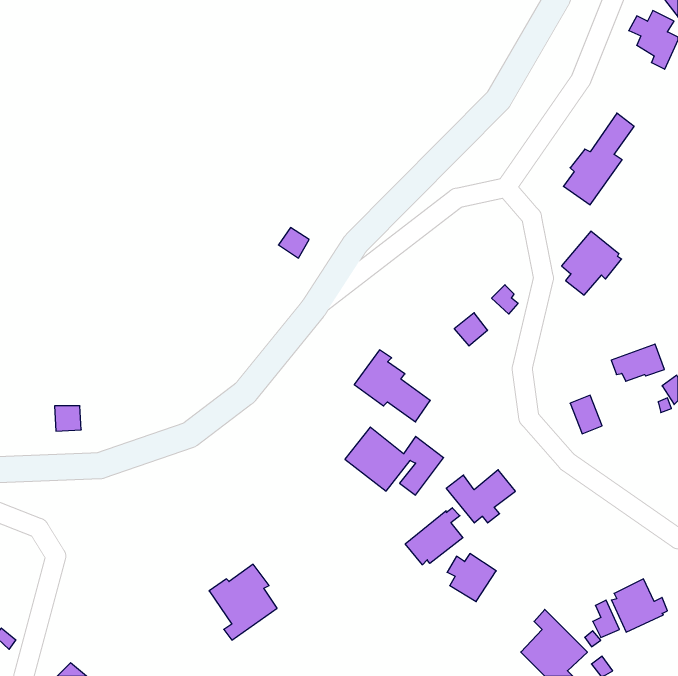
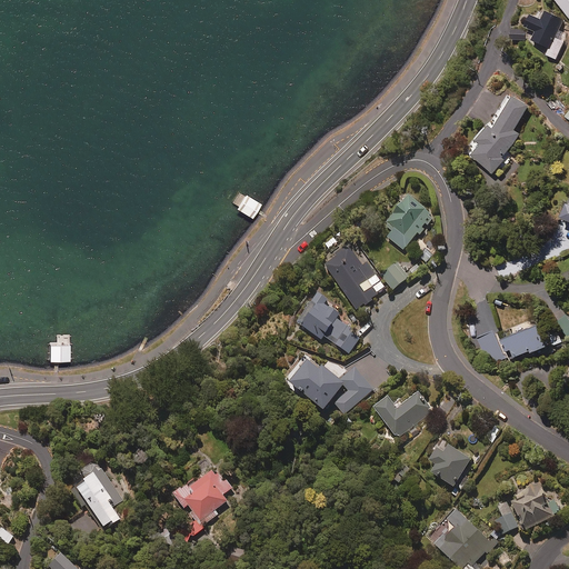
building: [562,231,622,295] -> [382,194,432,248]
building: none -> [322,243,385,308]
building: [611,344,664,381] -> [501,326,546,357]
building: [405,508,463,565] -> none
building: none -> [69,461,121,526]
building: [447,554,496,602] -> [428,447,469,487]

